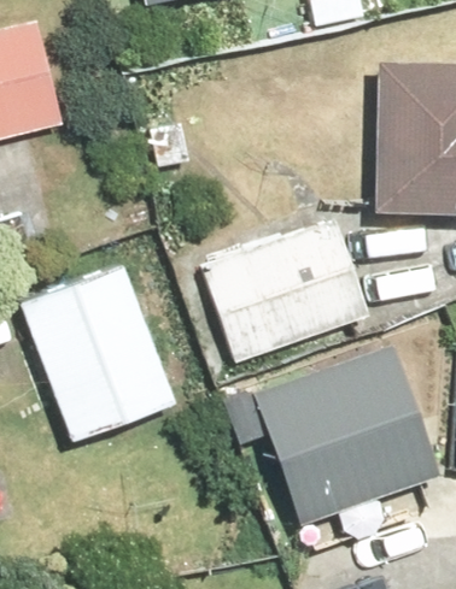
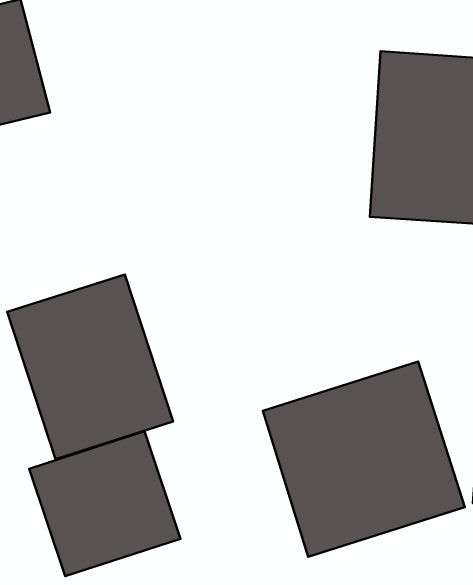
building: [203,217,372,361] -> none
building: none -> [29,431,180,576]

